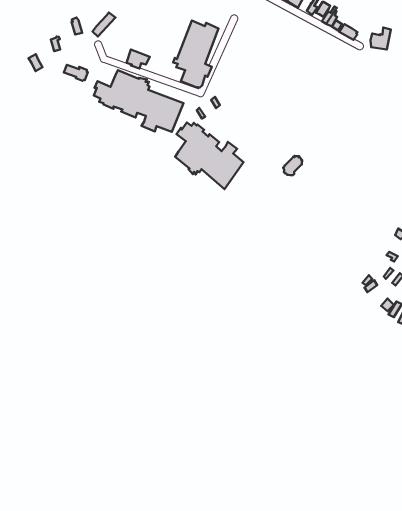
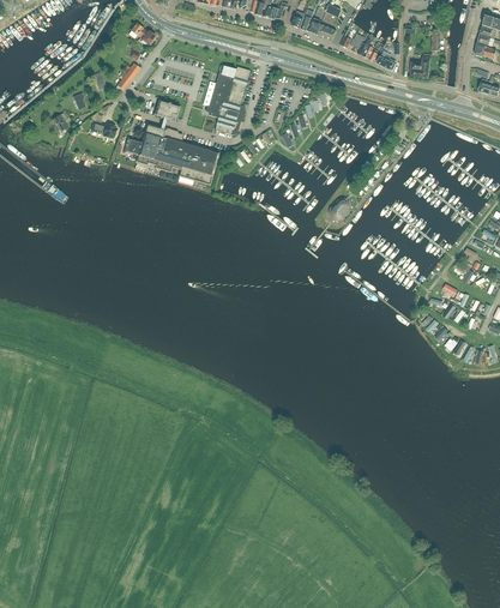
building: [175,122,243,189] -> none

